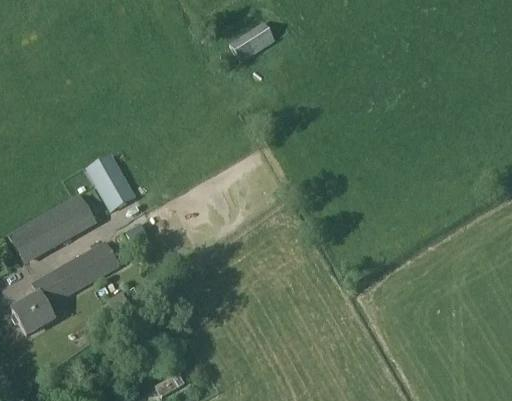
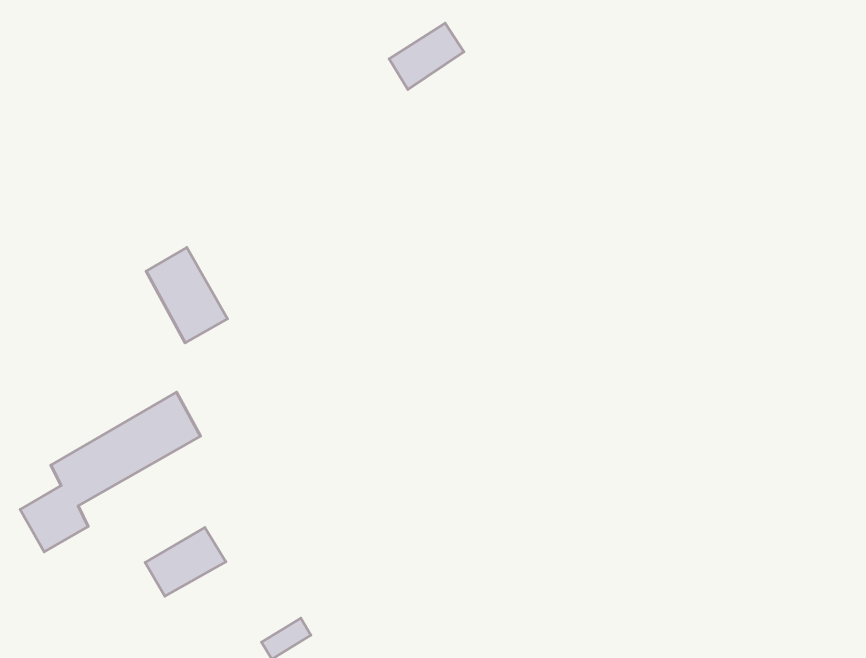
building: [9,195,93,261] -> none
building: none -> [145,527,226,596]

